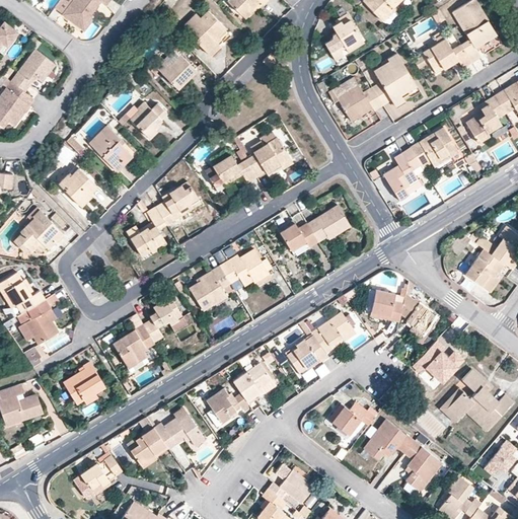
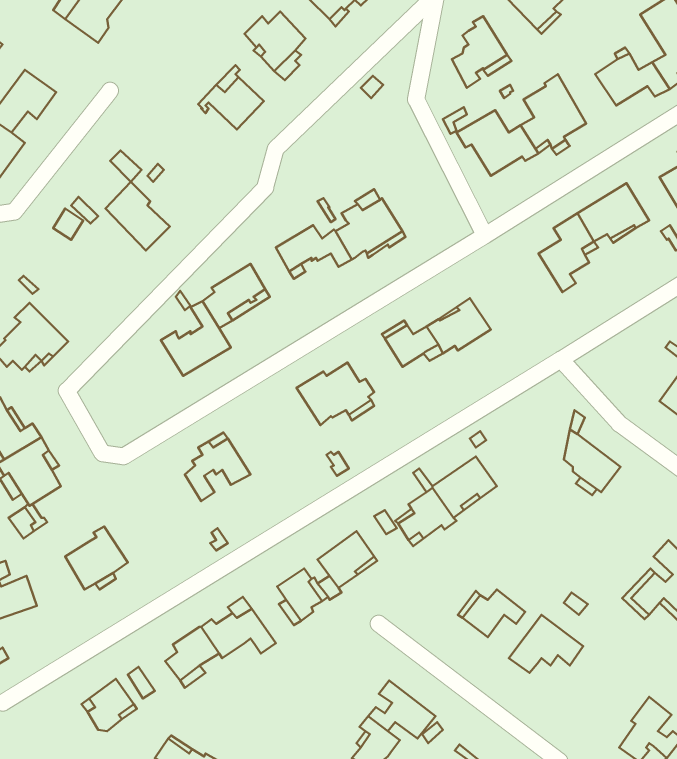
building: [130,102,167,139] -> none
building: [58,167,97,207] -> none
building: [189,266,235,311] -> none
building: [370,290,402,322] -> none
building: [113,324,156,373] -> none
building: [414,342,462,381] -> none
building: [404,441,442,492] -> none

